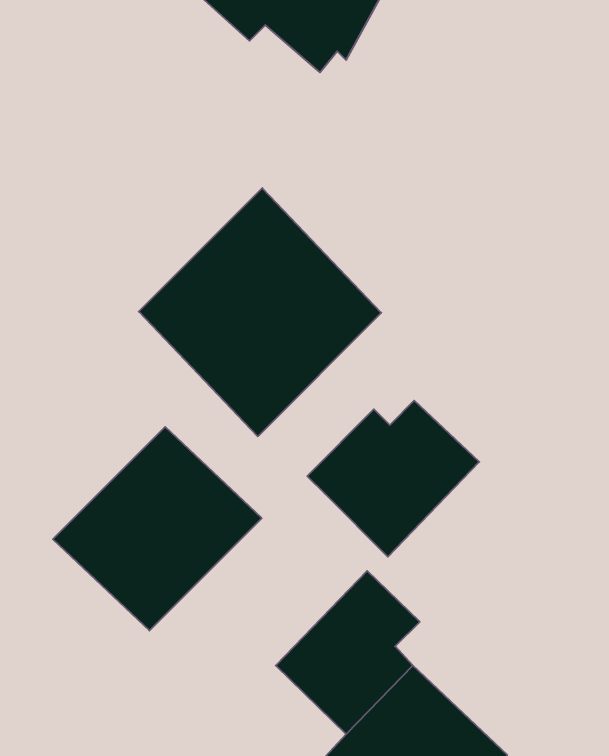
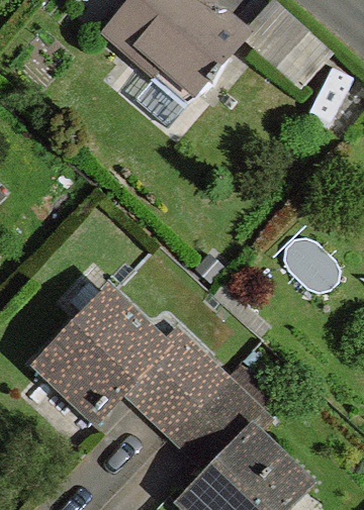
building: [139,188,381,436] -> none
building: [307,401,479,557] -> [123,341,222,431]

